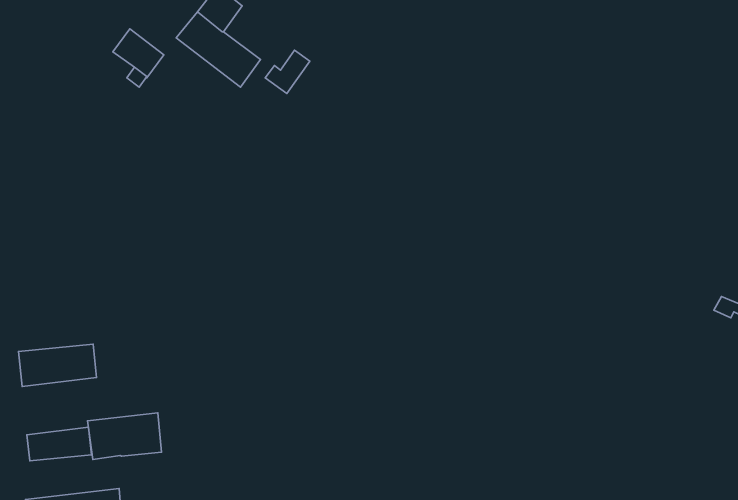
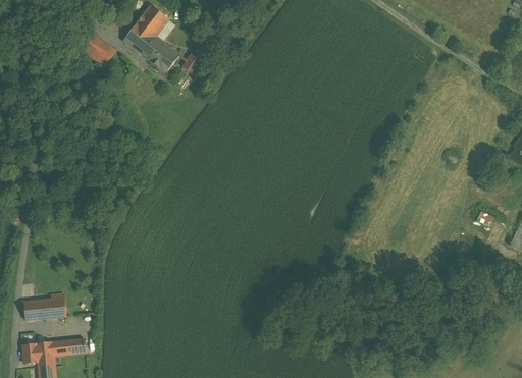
building: [18,344,96,386] -> none
building: [87,413,162,460] -> none

